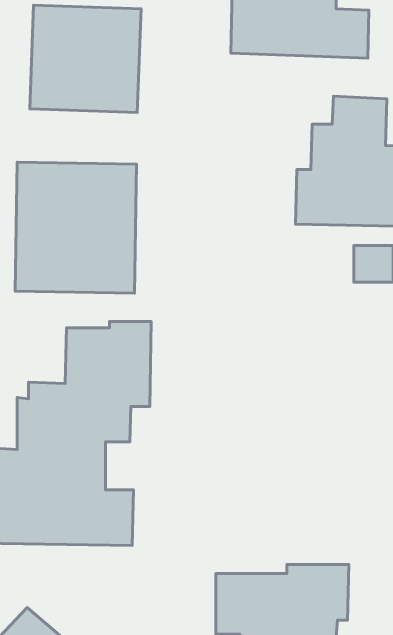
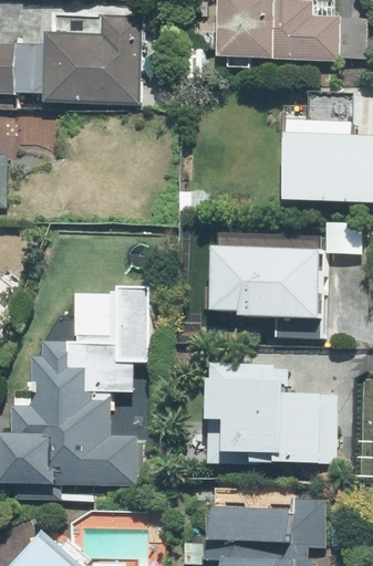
building: [15,162,136,293] -> none
building: none -> [215,248,320,338]
building: none -> [207,361,331,465]

